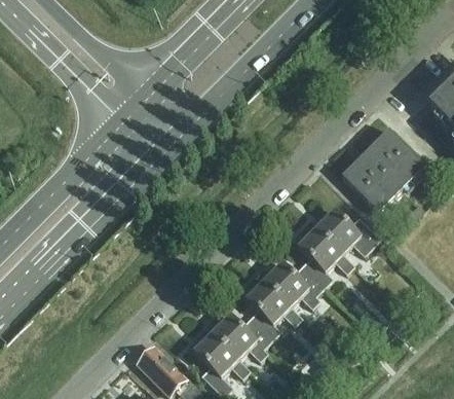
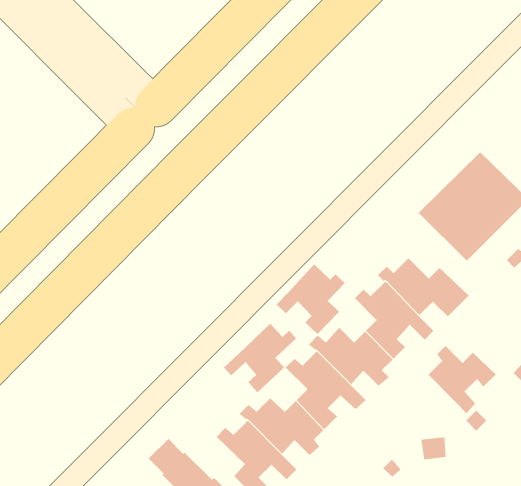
building: none -> [276,264,346,335]
building: none -> [223,323,297,393]
building: none -> [427,345,496,414]

